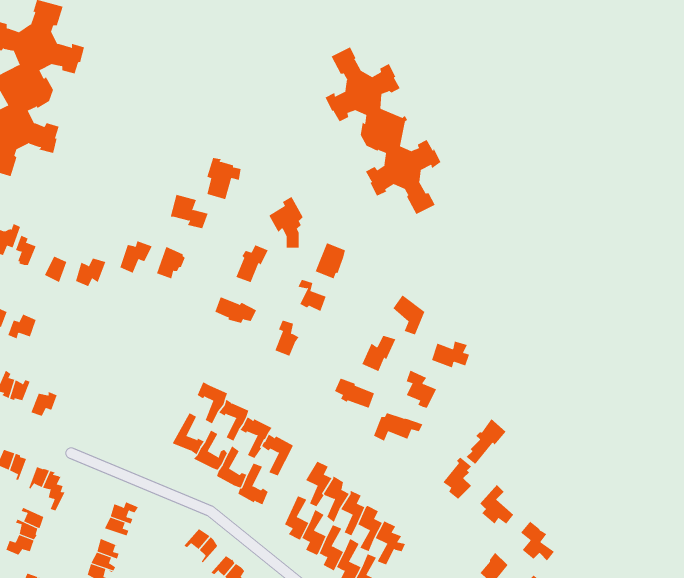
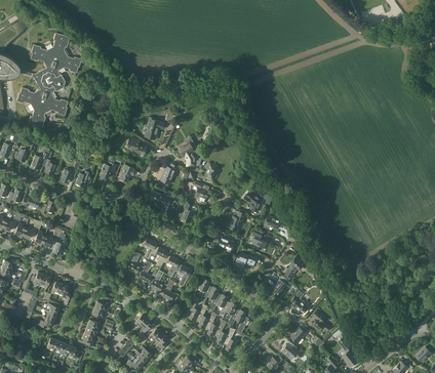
building: [325,46,441,215] -> none

